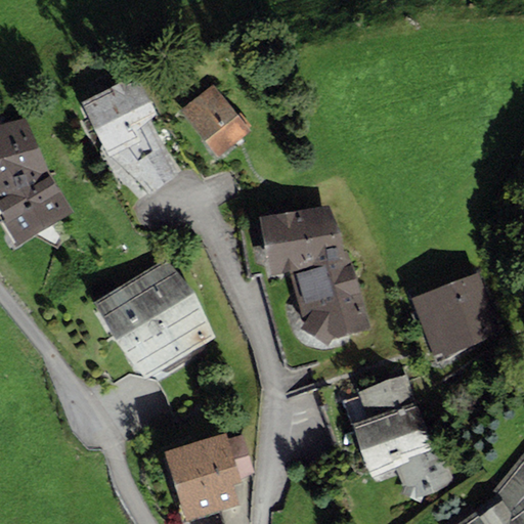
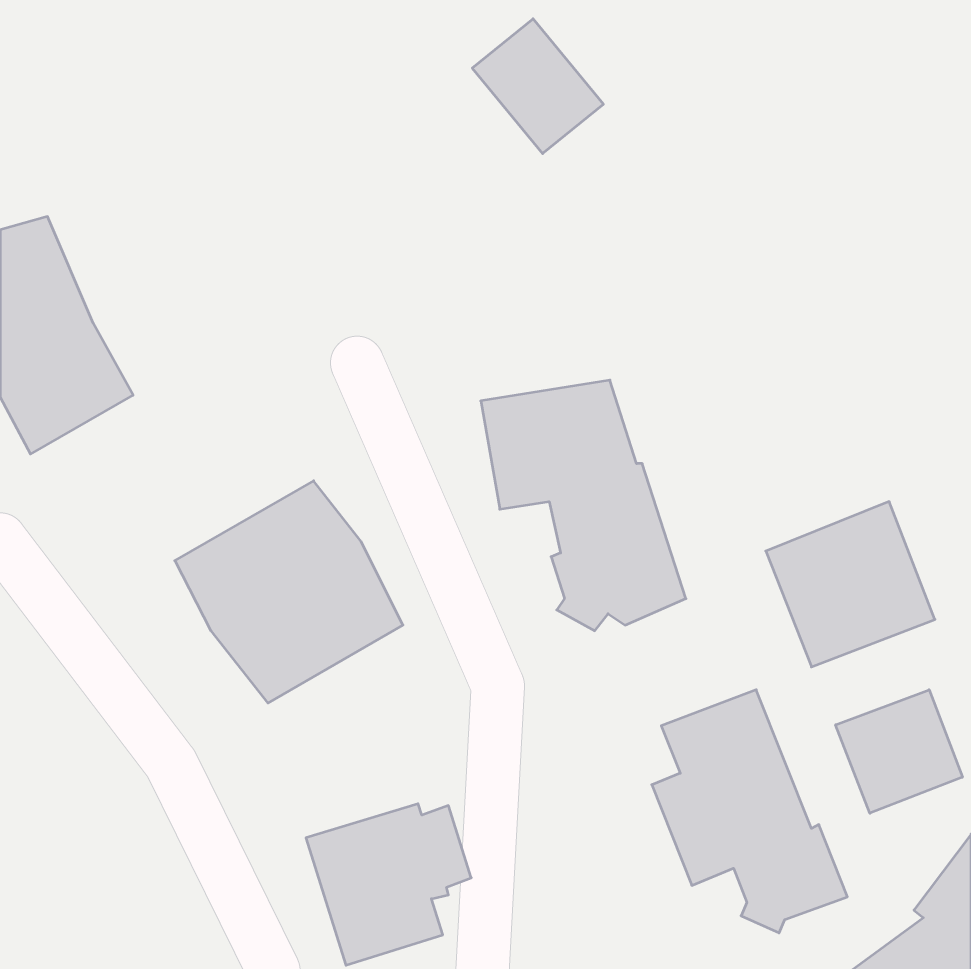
building: [82,77,181,196] -> none
building: [180,85,251,158] -> [472,19,603,154]
building: none -> [836,690,962,813]

